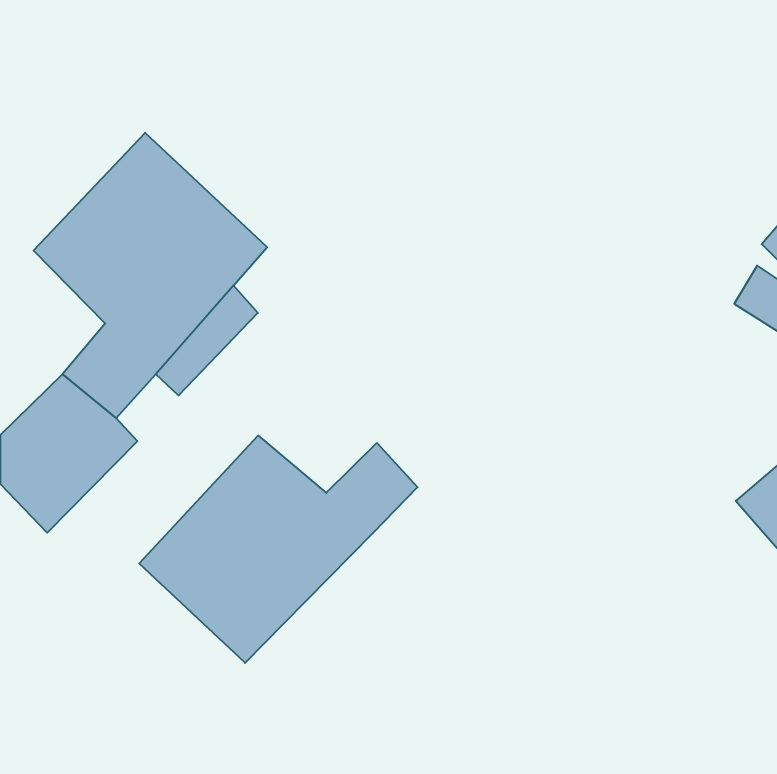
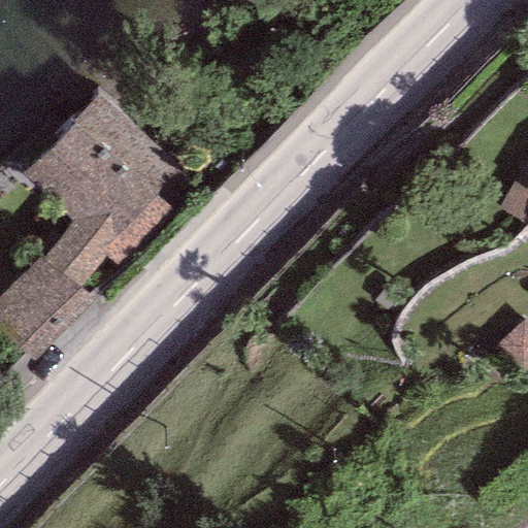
building: [139,436,418,663] -> none

